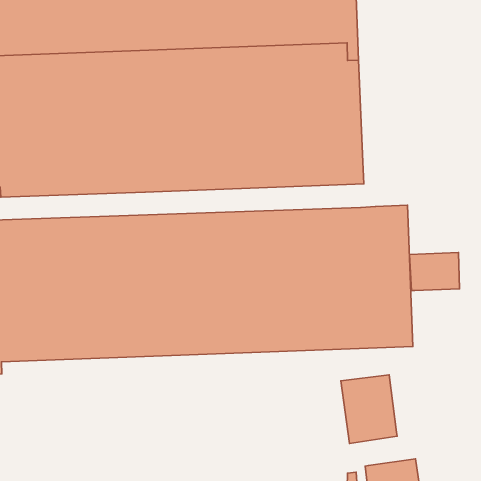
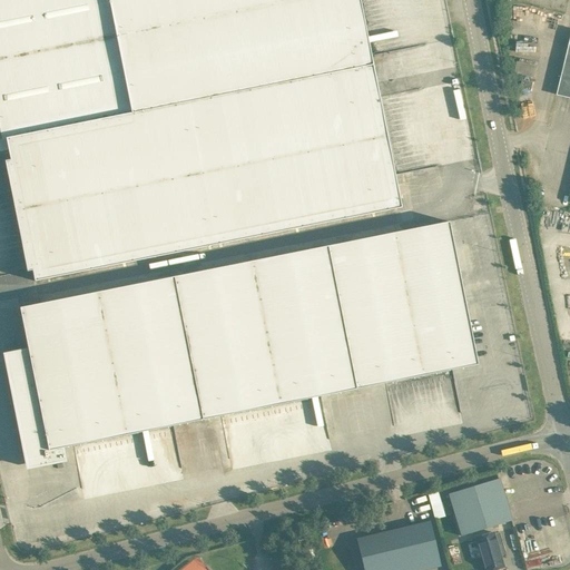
building: [409,252,459,290] -> none
building: [341,375,397,443] -> none

